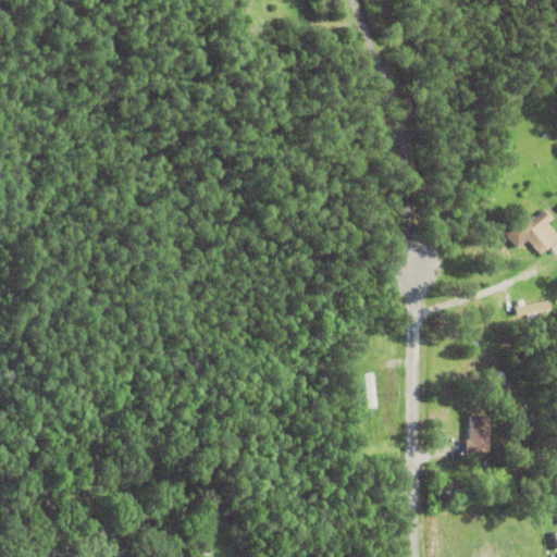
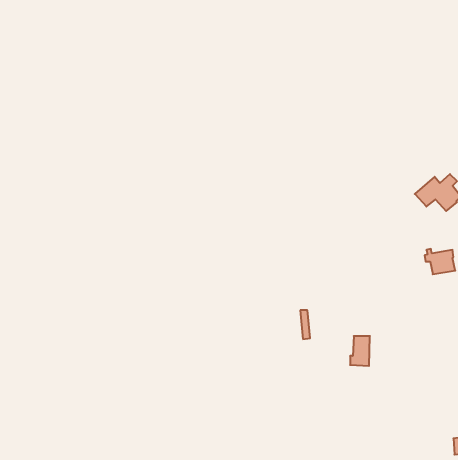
building: [467,418,491,454] -> [350,336,370,366]

